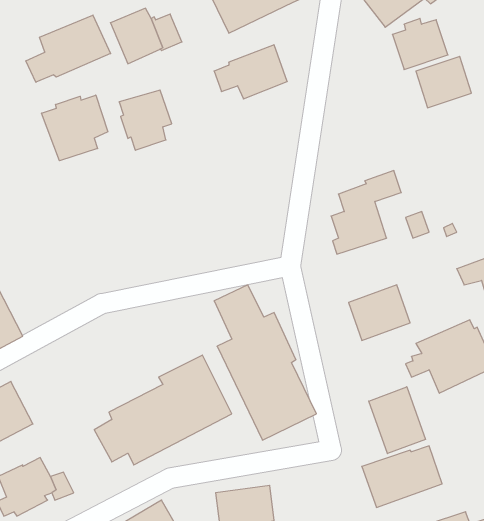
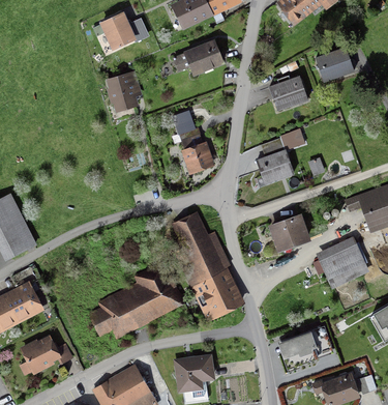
building: [26,15,111,82] -> none
building: [392,18,448,70] -> [269,78,308,114]
building: [42,95,108,161] -> none
building: none -> [172,112,215,177]
building: [369,387,425,454] -> none

